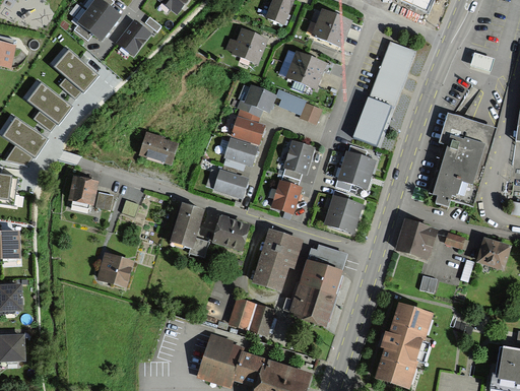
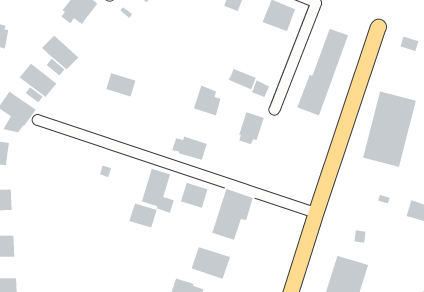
building: [115,18,151,56] -> none
building: [226,26,268,63] -> none
building: [285,51,327,88] -> none
building: [237,83,275,116] -> none
building: [223,136,258,171] -> none
building: [139,137,176,167] -> [105,72,136,97]
building: [335,145,376,190] -> none
building: [271,174,302,218] -> none
building: [70,178,111,210] -> none
building: [323,189,363,234] -> none
building: [397,222,434,258] -> none
building: [288,244,348,326] -> none
building: [96,257,131,287] -> [128,203,158,229]

